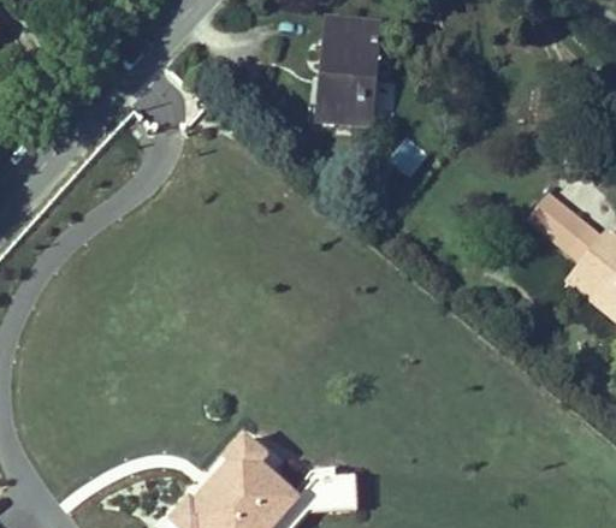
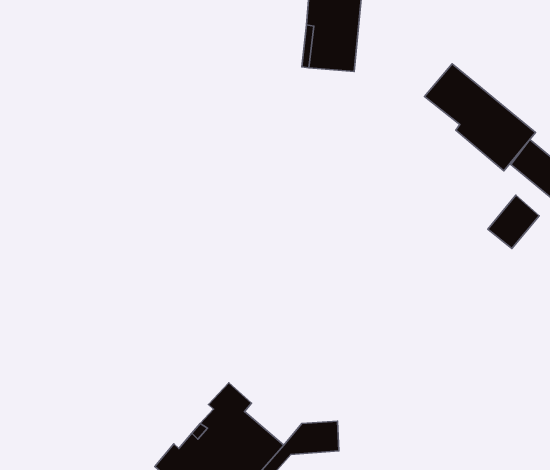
building: none -> [424,64,536,171]
building: none -> [488,195,539,249]

